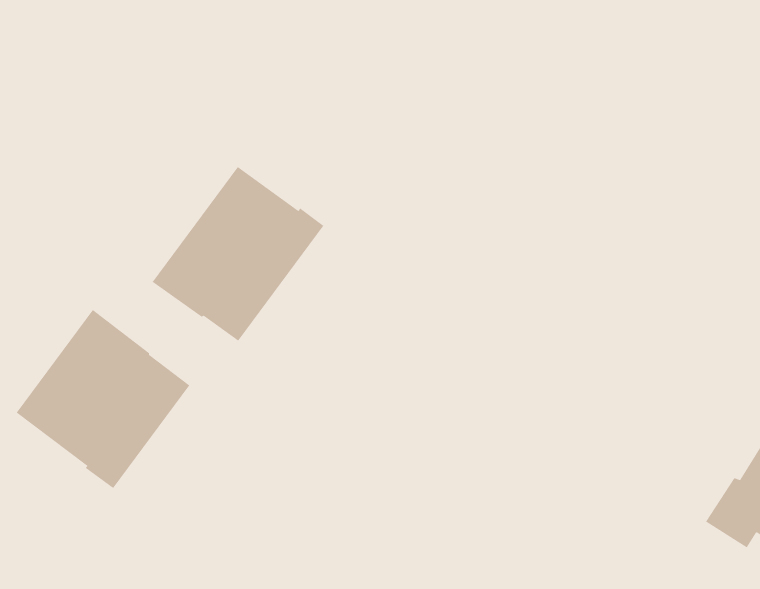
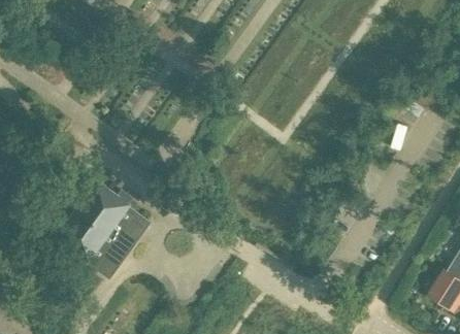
building: [152,166,324,341] -> none

